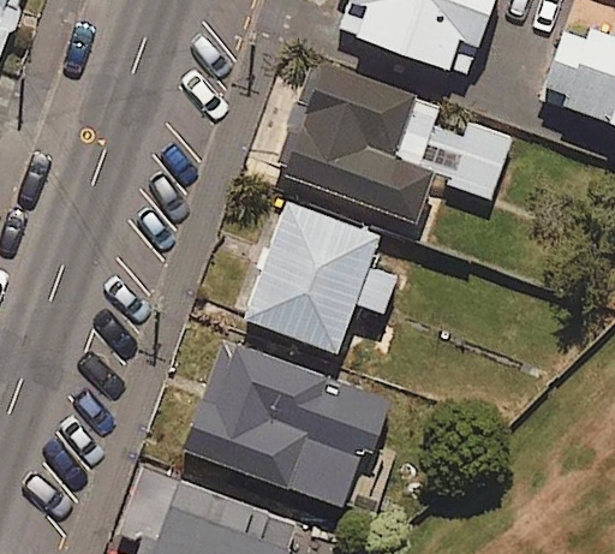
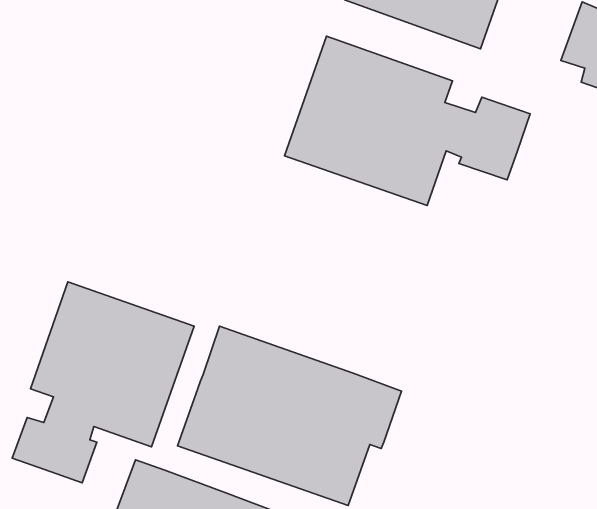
building: [244,202,398,353] -> none
building: none -> [12,282,194,483]

